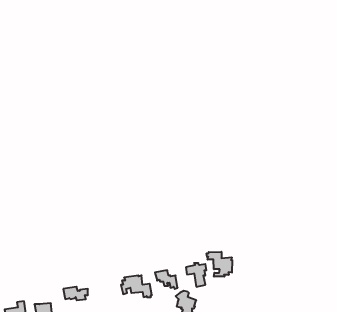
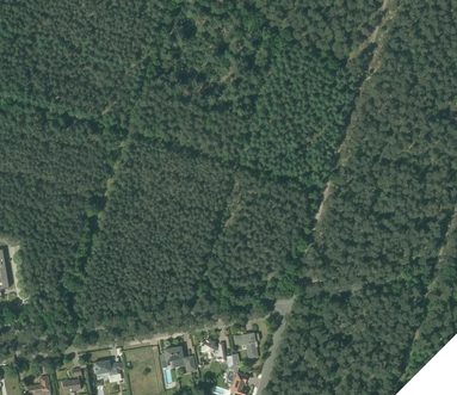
building: [207,252,232,277] -> none

